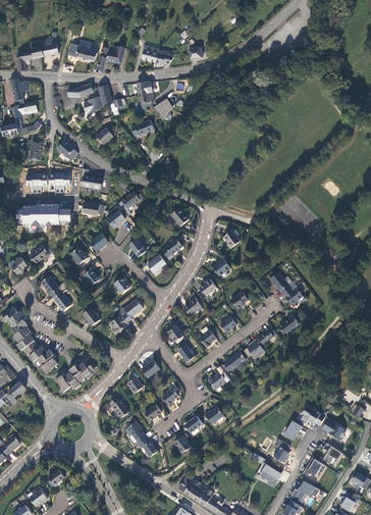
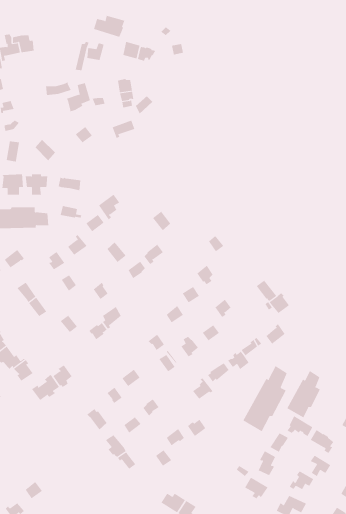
building: [67,41,98,62] -> [93,15,125,38]
building: none -> [243,365,288,432]
building: none -> [287,370,321,418]

